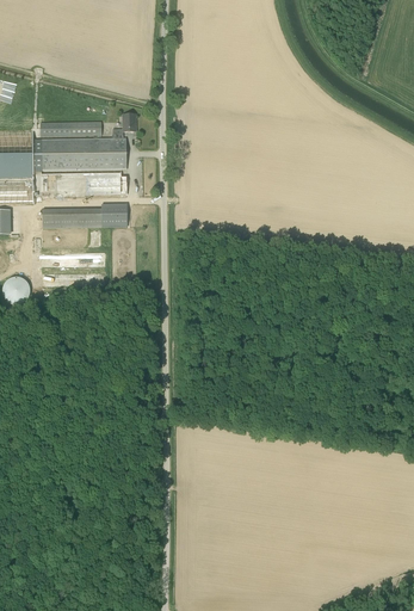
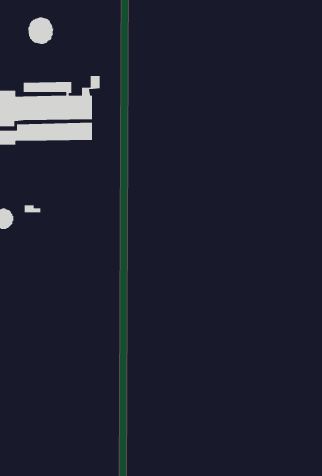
building: none -> [27,16,54,45]
building: [42,204,128,228] -> none

